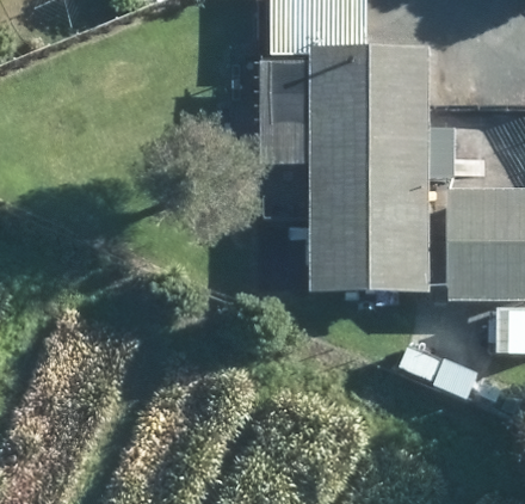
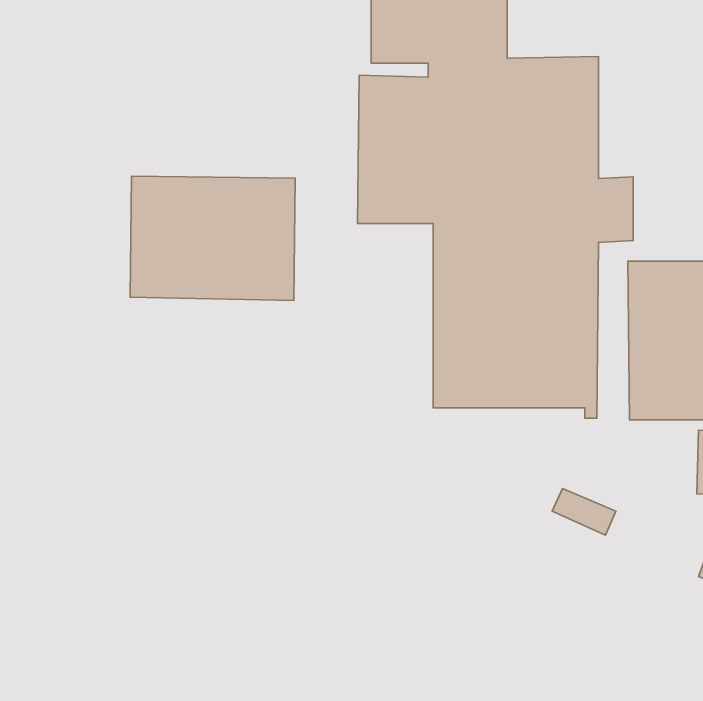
building: none -> [130,176,295,301]

